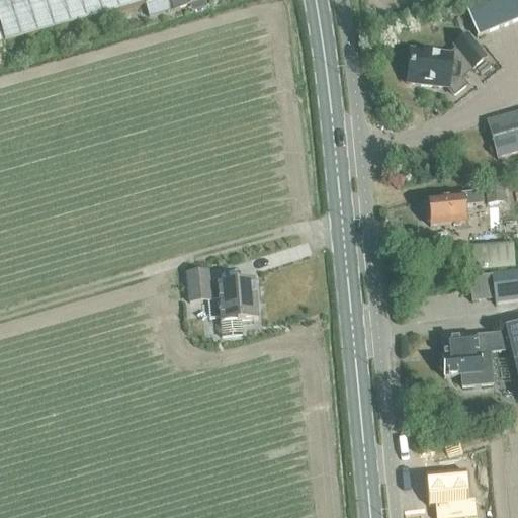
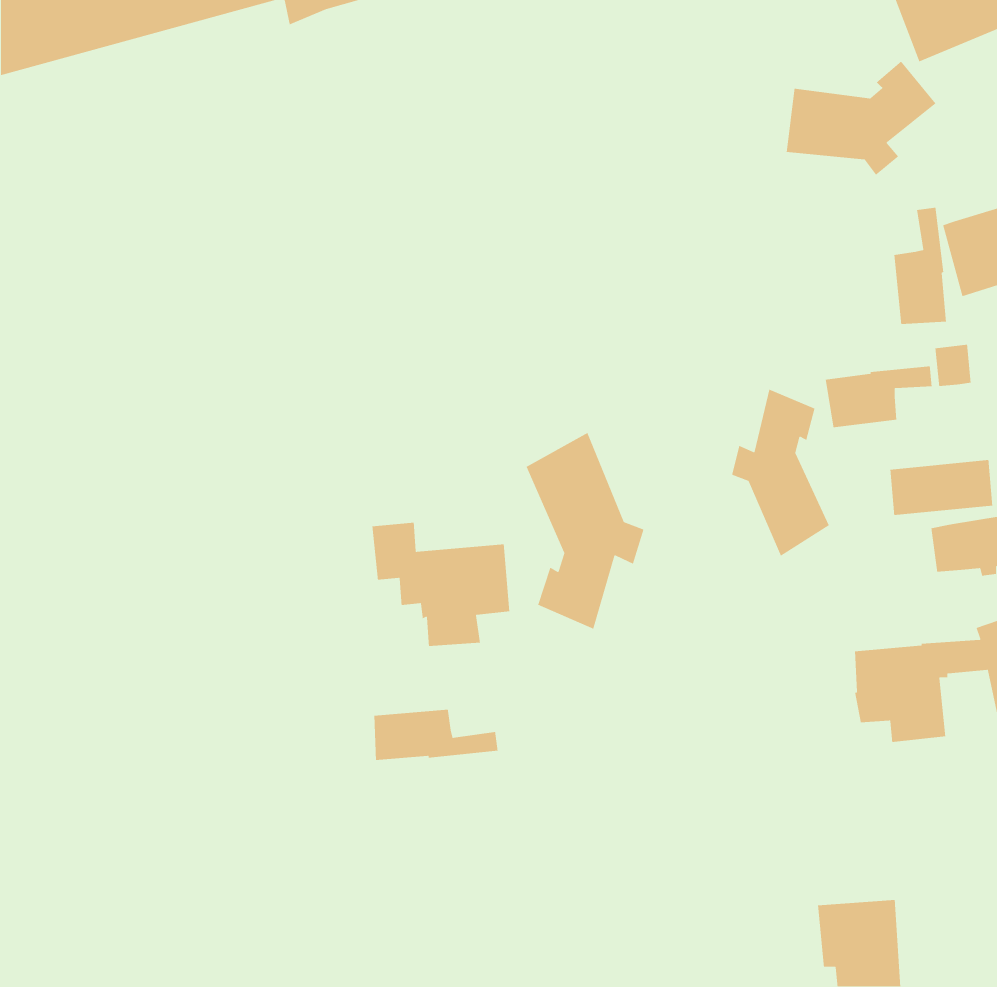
building: none -> [893,207,947,325]
building: none -> [731,388,830,557]
building: none -> [525,432,645,630]
building: none -> [374,709,498,761]

